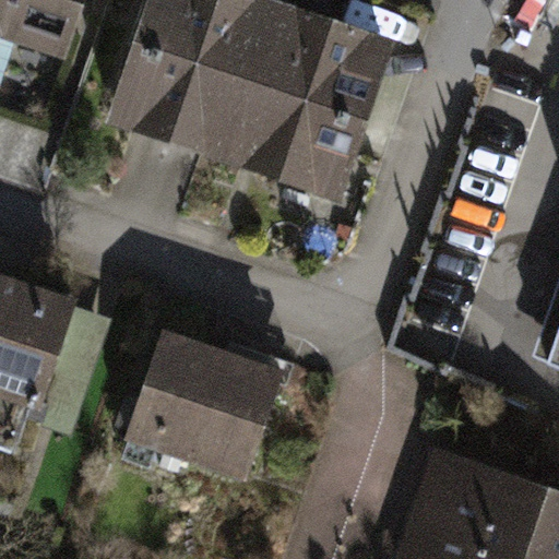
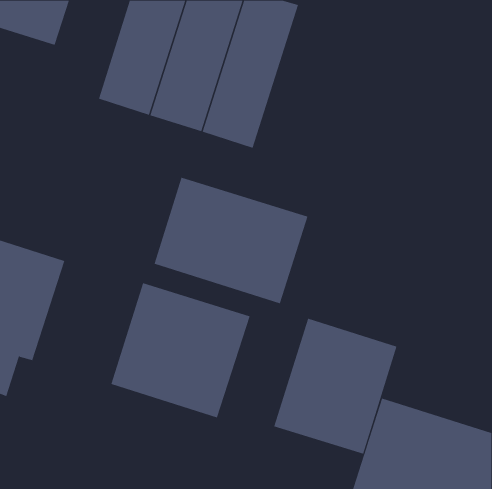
building: [285,13,395,193] -> none
building: none -> [154,177,308,304]
building: none -> [273,318,397,454]

